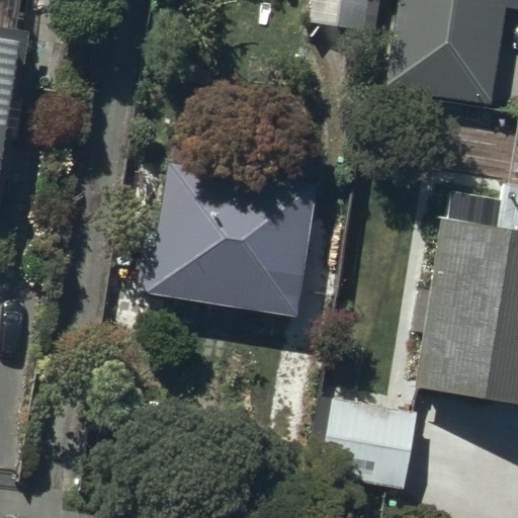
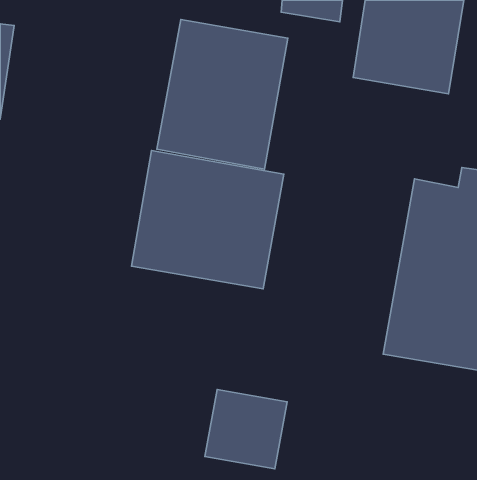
building: none -> [157,19,288,169]
building: [327,412,415,497] -> [205,389,287,469]

